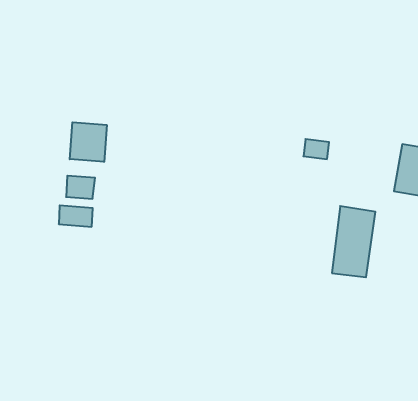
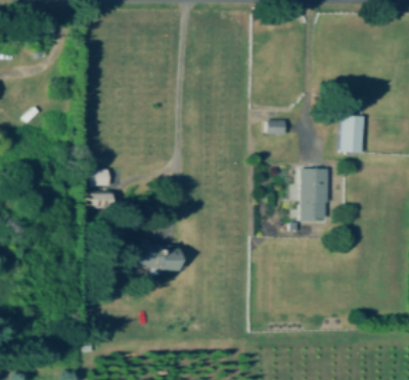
building: [70,122,107,162] -> none
building: none -> [130,246,181,269]

